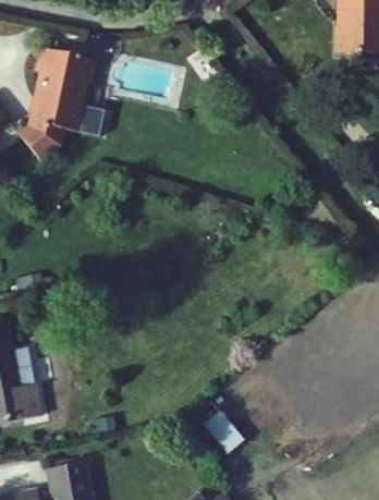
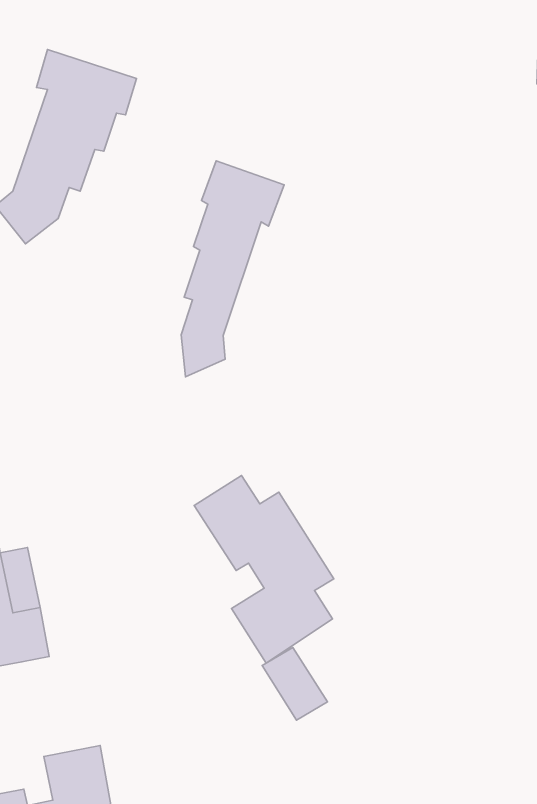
building: none -> [181,161,284,377]
building: none -> [194,476,334,663]

